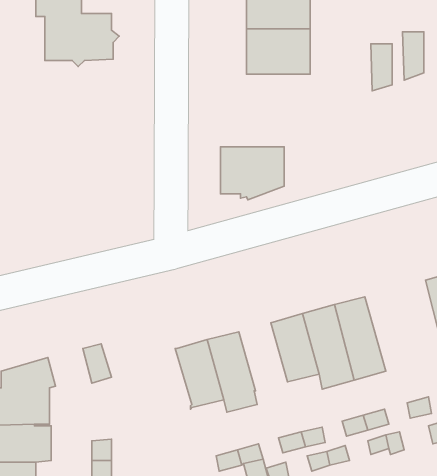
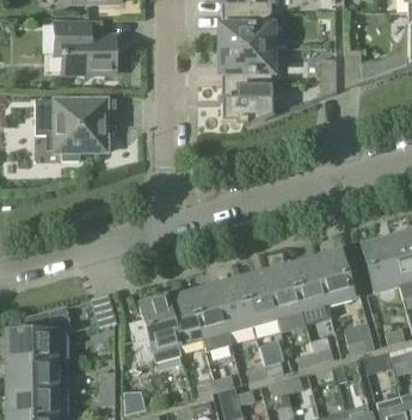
building: none -> [35,97,116,159]
building: [221,147,284,200] -> [221,82,271,124]
building: none -> [314,251,359,304]
building: none -> [215,278,253,332]
building: none -> [131,297,180,363]

